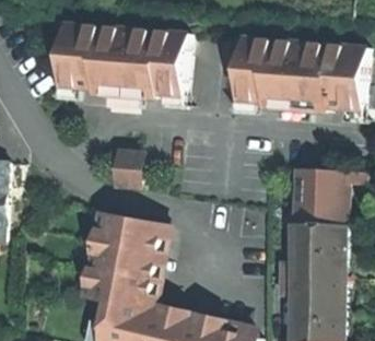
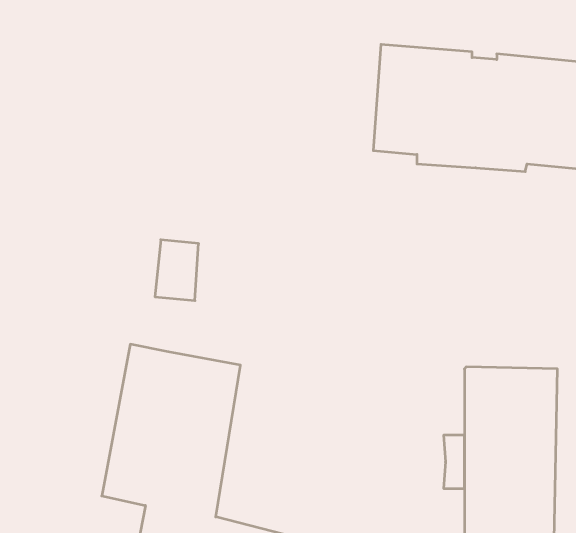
building: [59,23,187,96] -> none
building: [291,169,345,224] -> none

